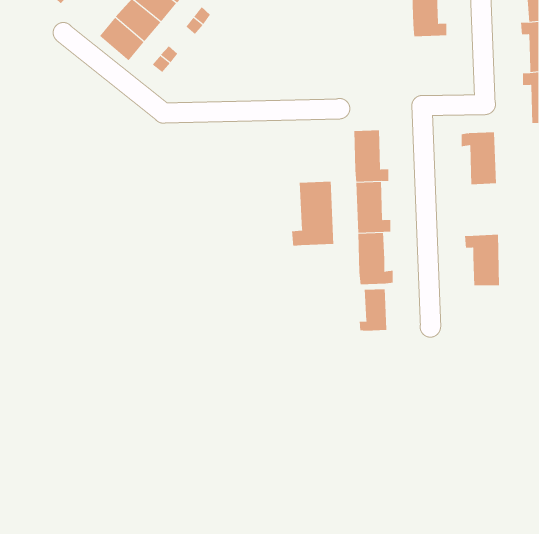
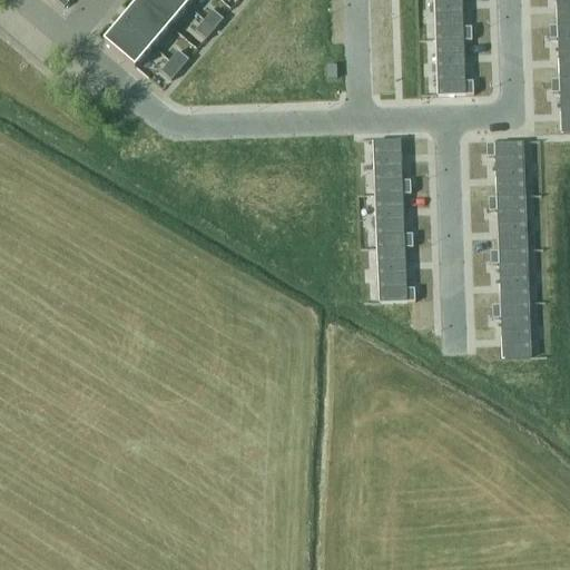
building: none -> [436,38,474,94]
building: [291,181,334,247] -> none
building: none -> [489,194,527,248]
building: none -> [492,302,530,356]
building: [359,288,387,331] -> none

